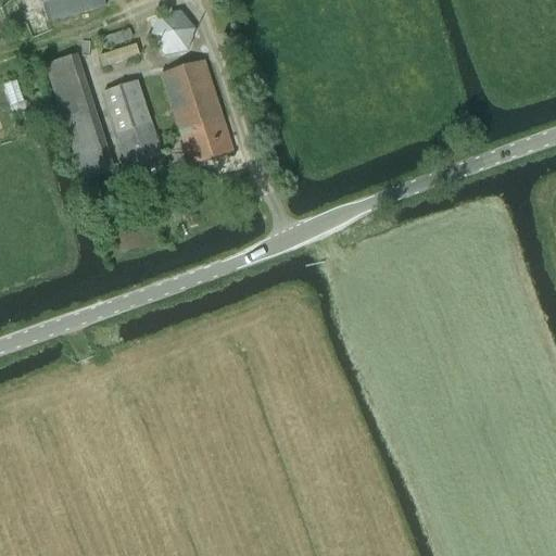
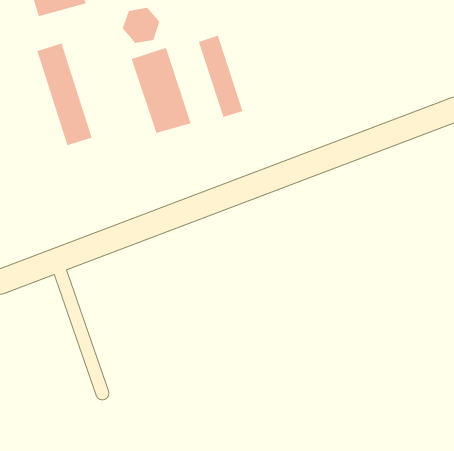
building: none -> [198,35,243,118]
building: [103,79,165,174] -> none

